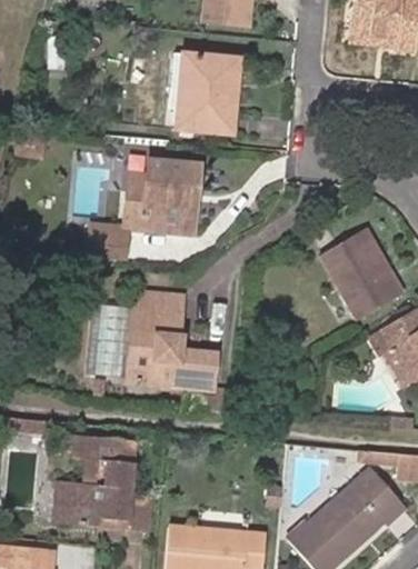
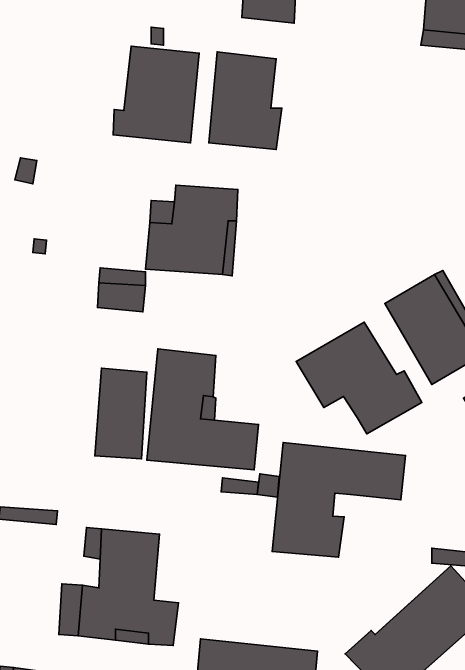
building: none -> [113,46,199,143]
building: none -> [296,322,422,434]
building: none -> [272,442,406,557]

